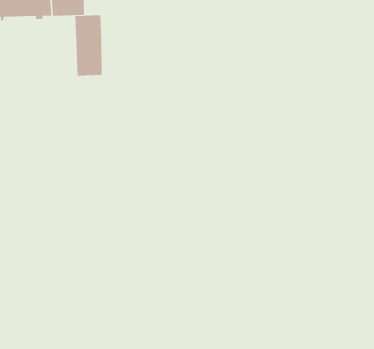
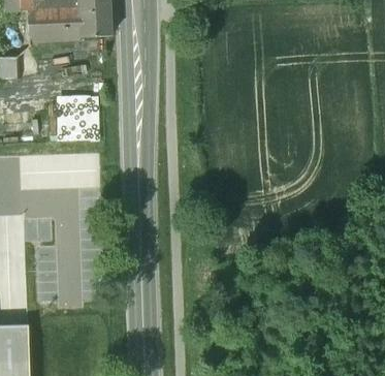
building: [75,14,102,77] -> none

